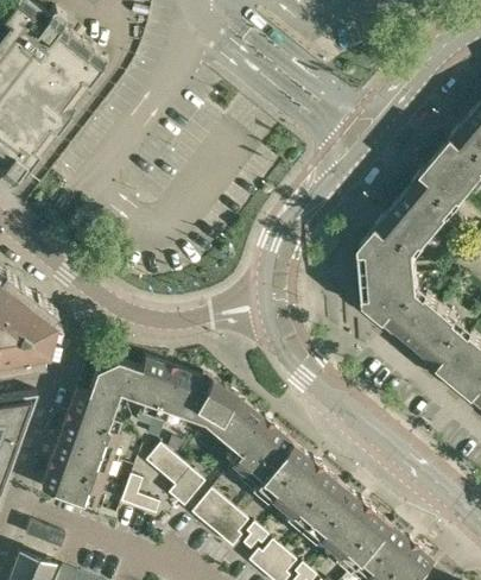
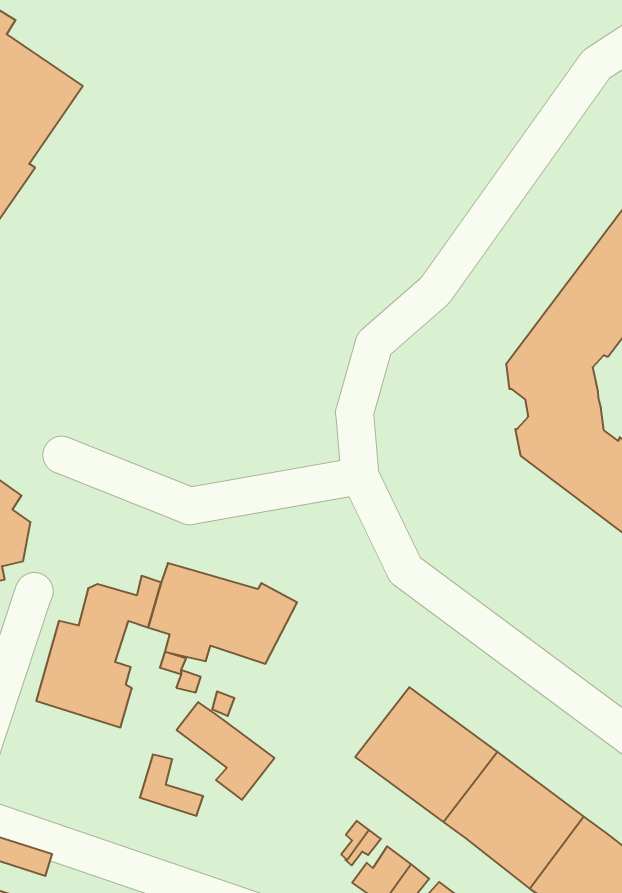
building: [200,387,287,485] -> none
building: [38,440,108,509] -> none
building: [188,490,245,548] -> none

